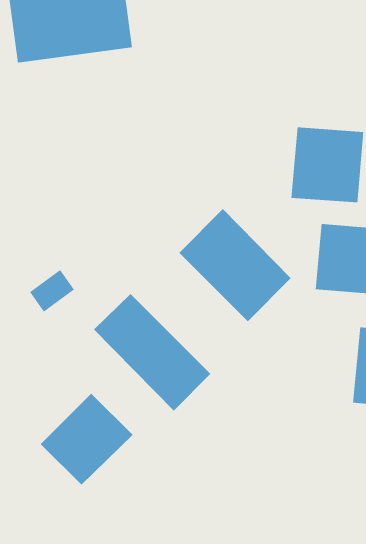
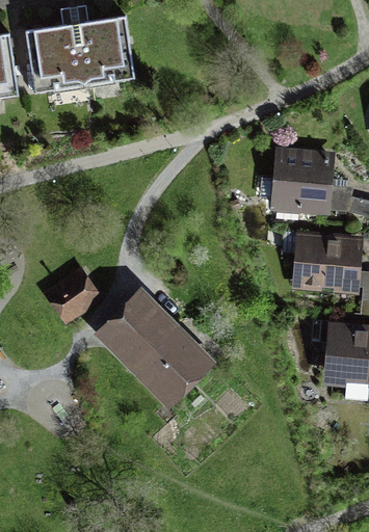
building: [178,208,291,322] -> none
building: [40,393,133,486] -> none

